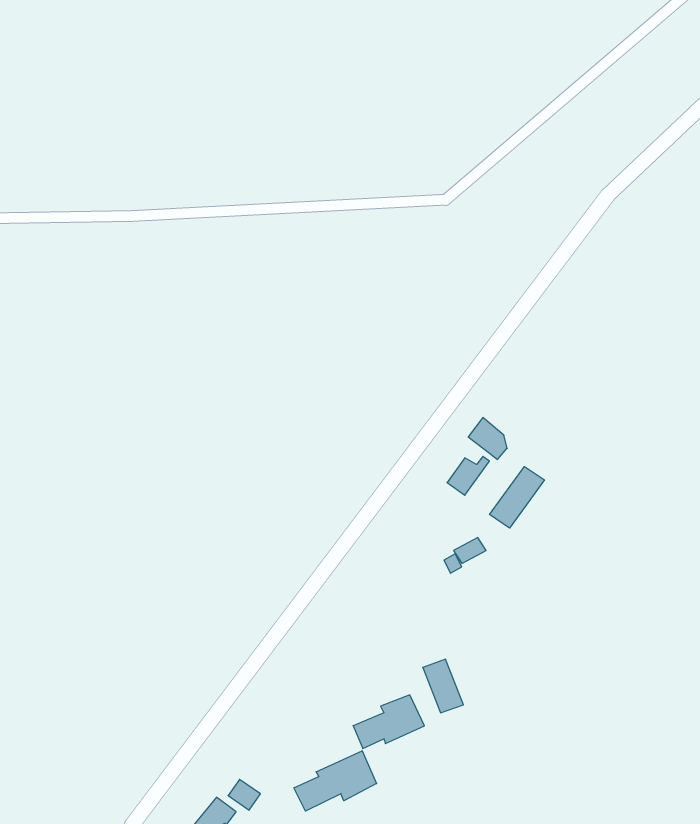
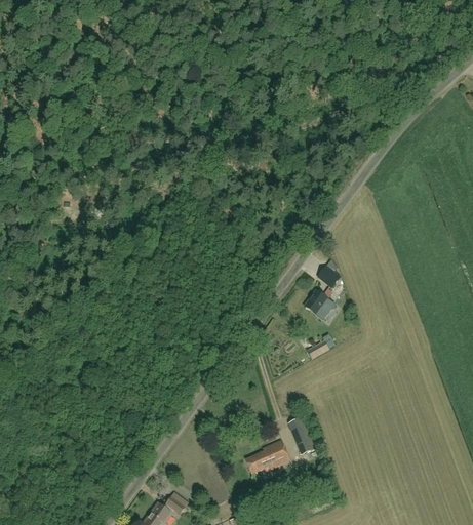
building: [490,467,544,528] -> none
building: [294,751,377,811] -> none

